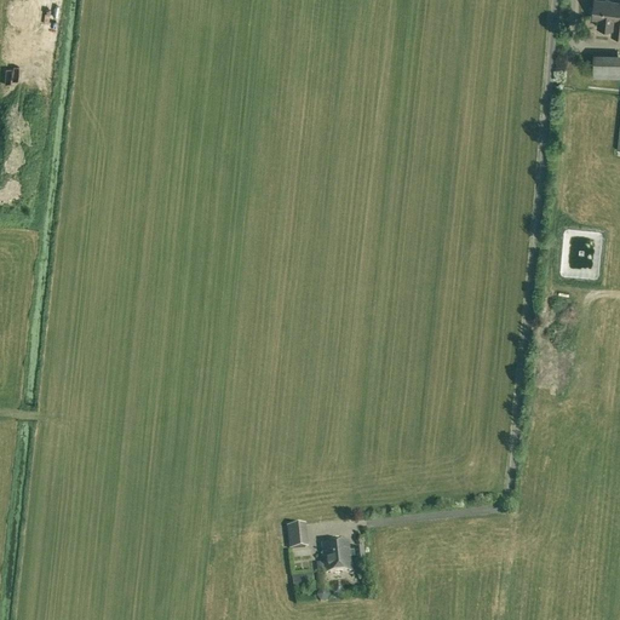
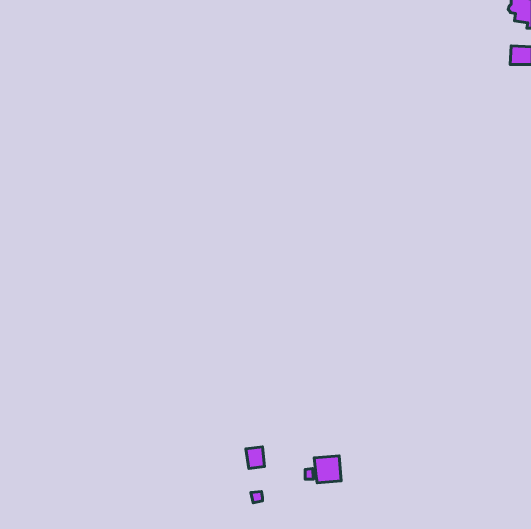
building: [322,539,354,570] -> [314,456,341,483]

